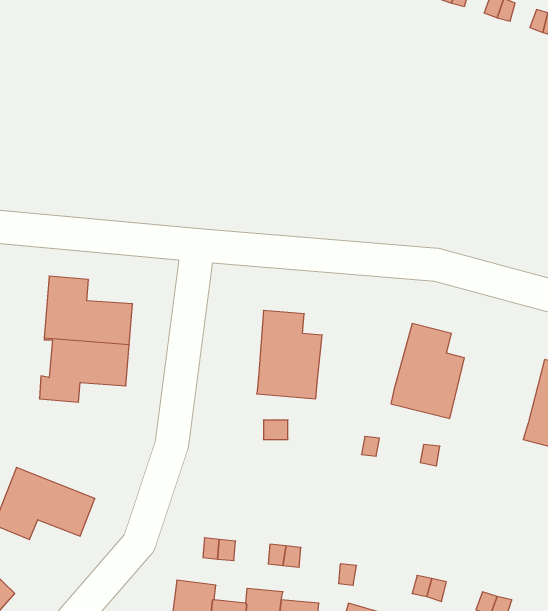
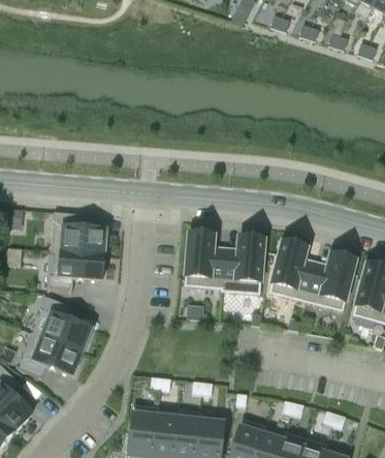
building: none -> [222,237,264,295]
building: none -> [307,253,356,310]
building: none -> [33,296,92,352]

